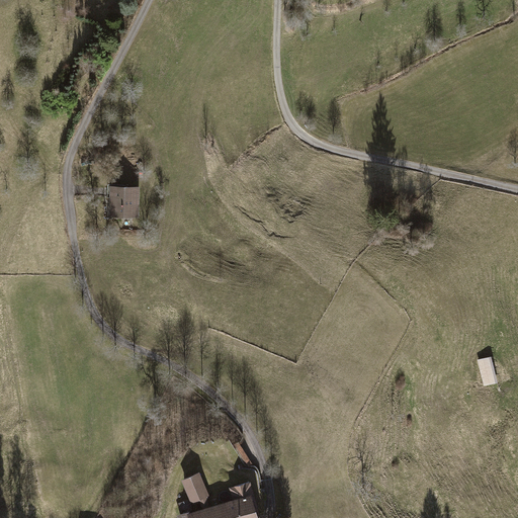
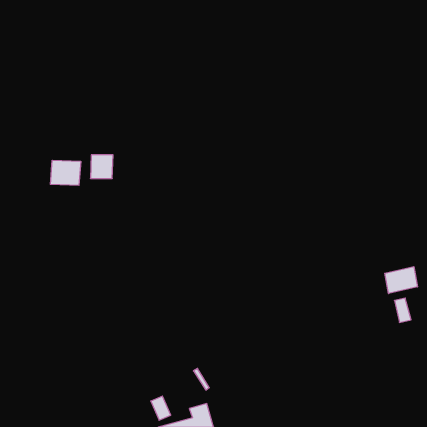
building: none -> [50,160,81,185]
building: none -> [385,267,417,294]

